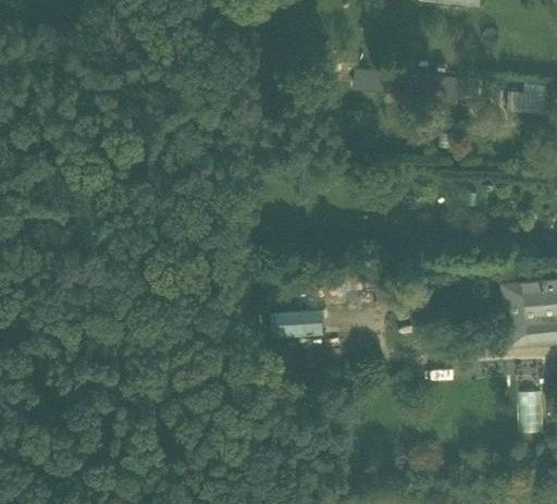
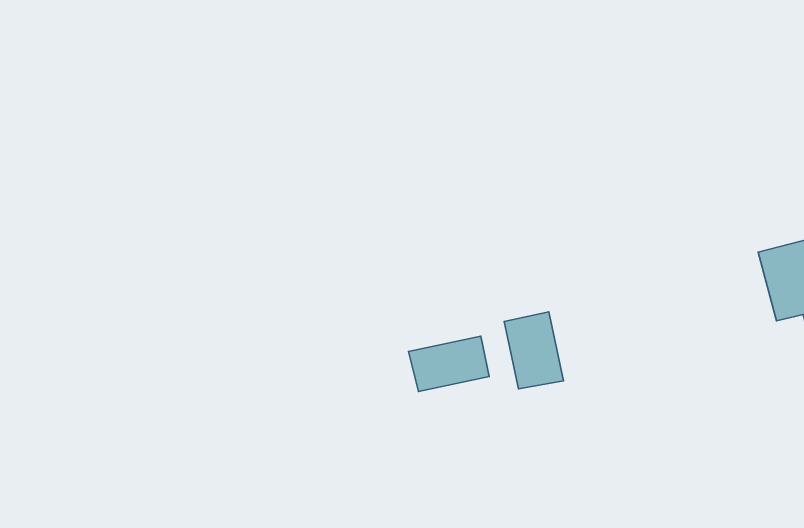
building: none -> [504,312,563,389]

